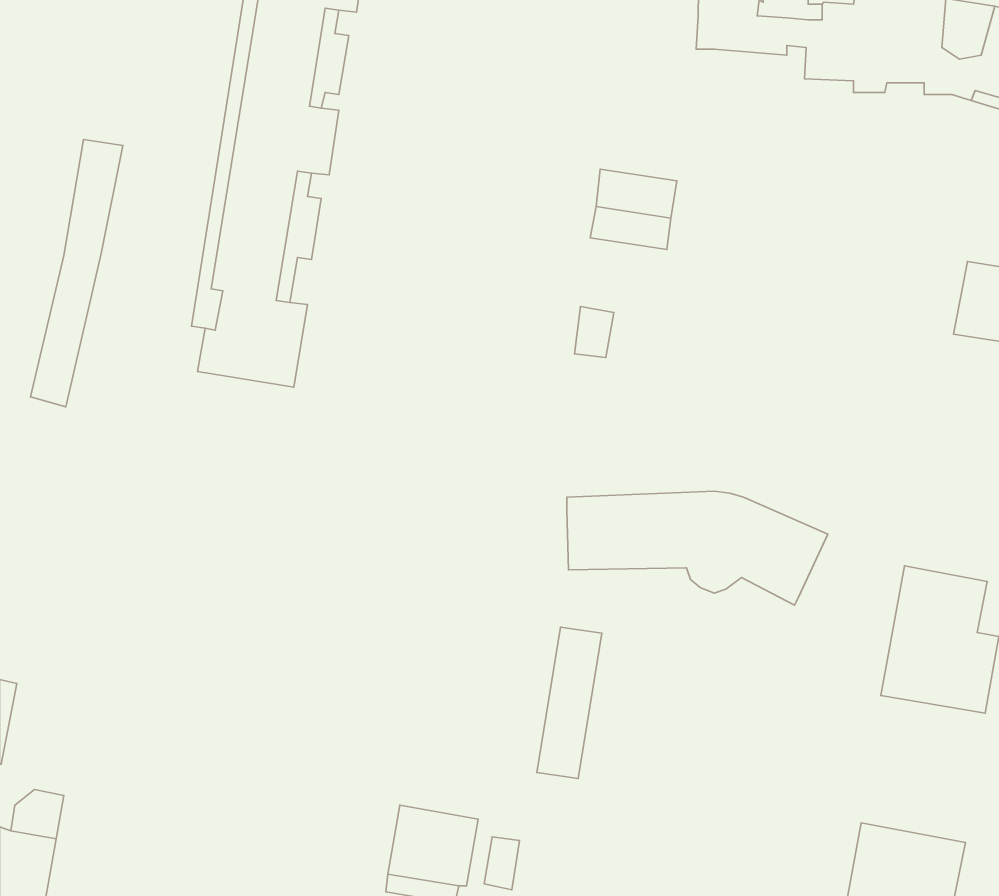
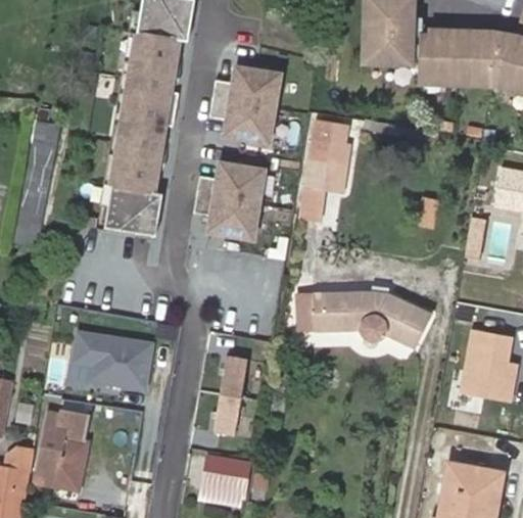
building: none -> [208,66,279,142]
building: none -> [304,157,348,193]
building: none -> [193,162,263,238]
building: none -> [74,330,154,389]
building: [537,627,602,778] -> [213,356,247,434]
building: none -> [35,410,89,490]

